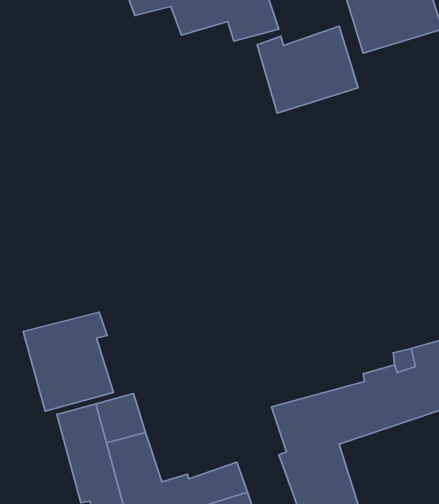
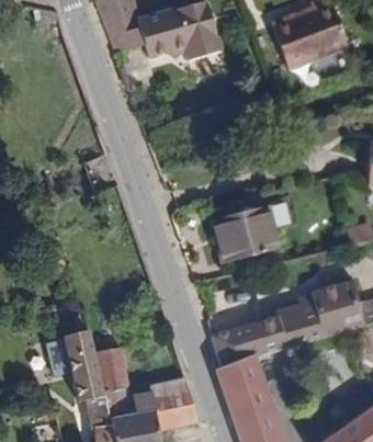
building: [257,26,358,113] -> none
building: none -> [213,203,275,260]
building: [23,312,113,411] -> none

